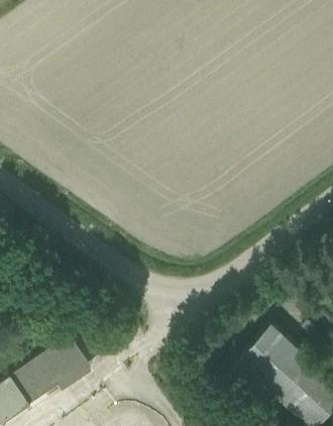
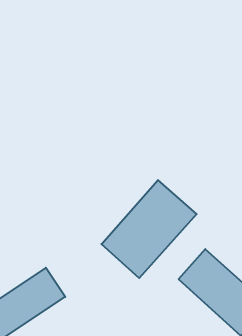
building: none -> [101,180,197,278]

